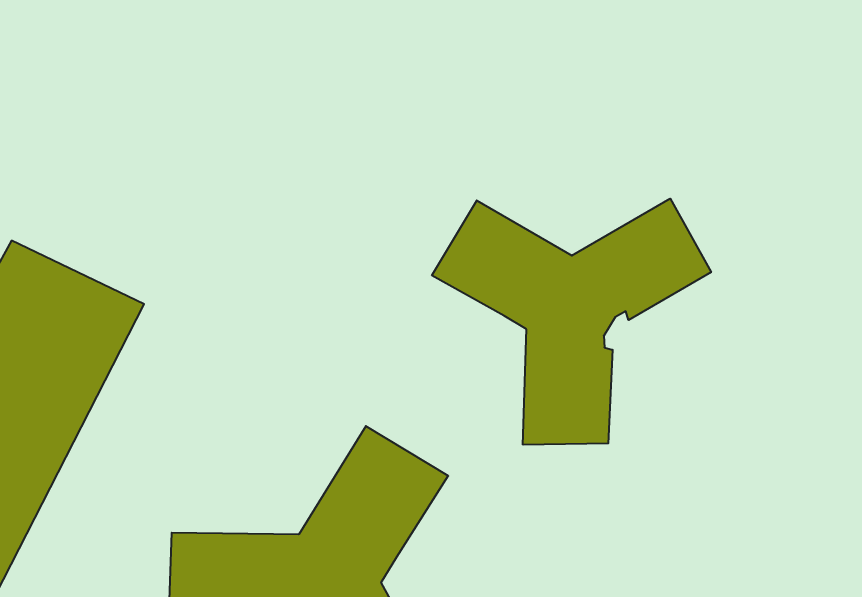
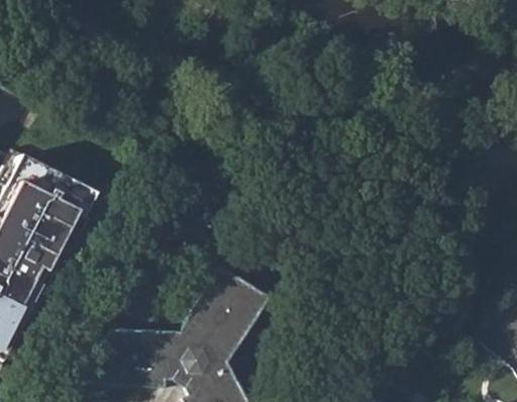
building: [432,199,711,445] -> none

